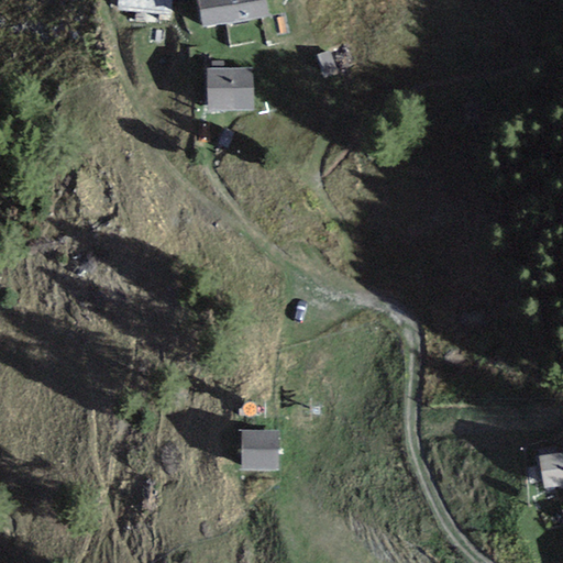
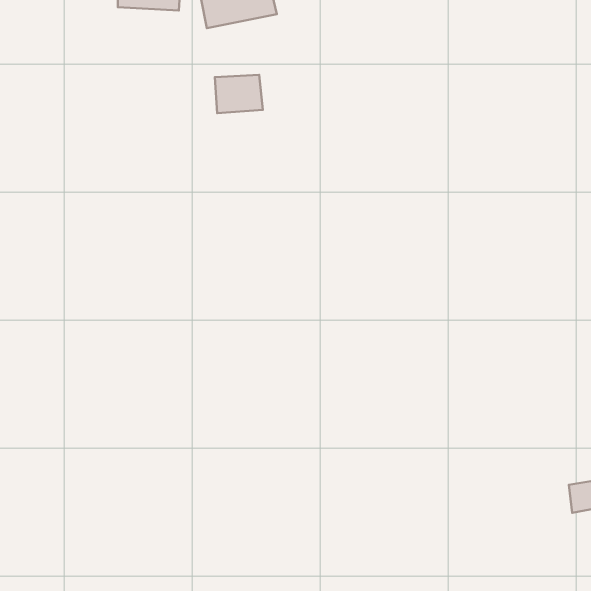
building: [244,433,277,466] -> none

